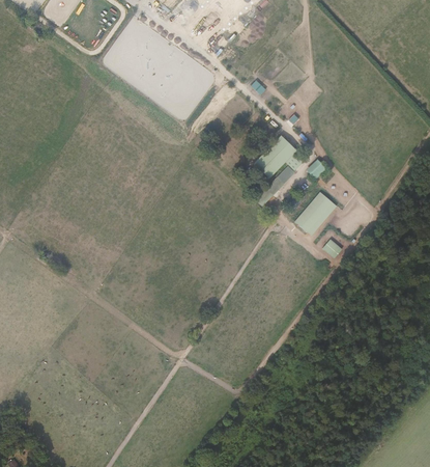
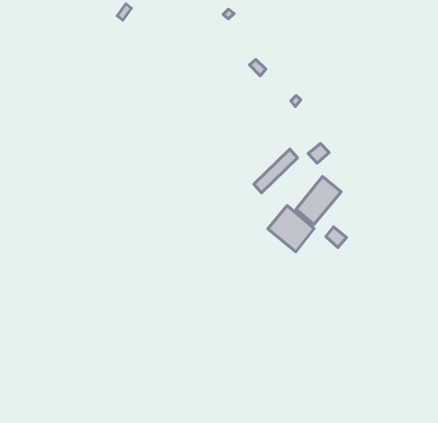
building: none -> [268,205,314,252]

